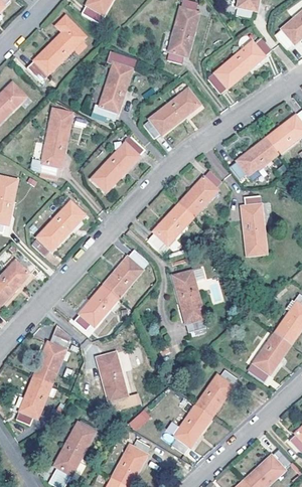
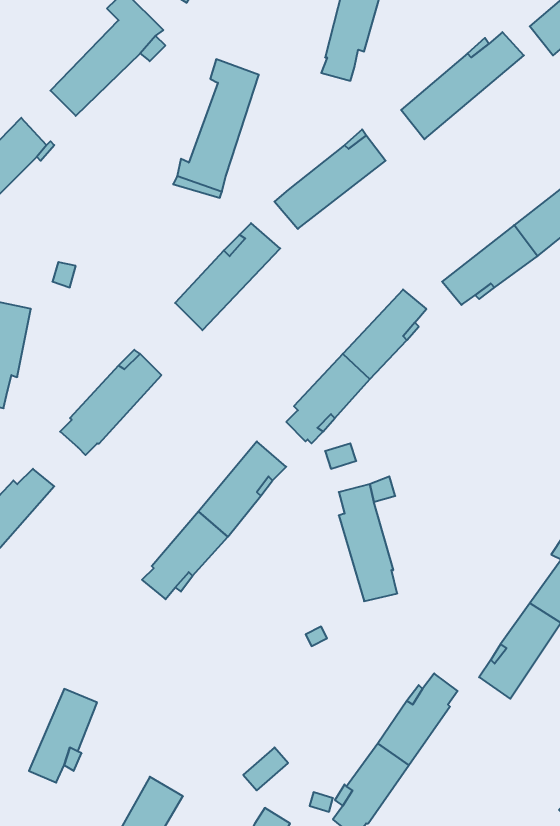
building: [41,109,72,175] -> none
building: [243,194,267,255] -> none
building: [34,324,71,383] -> none
building: [100,352,131,411] -> none

